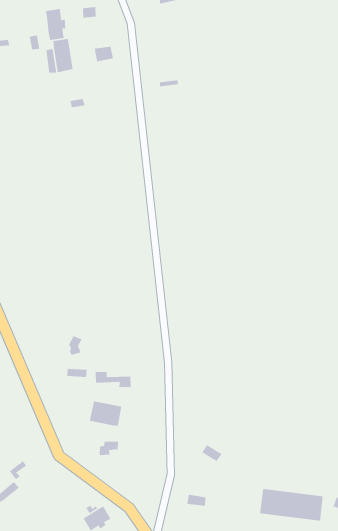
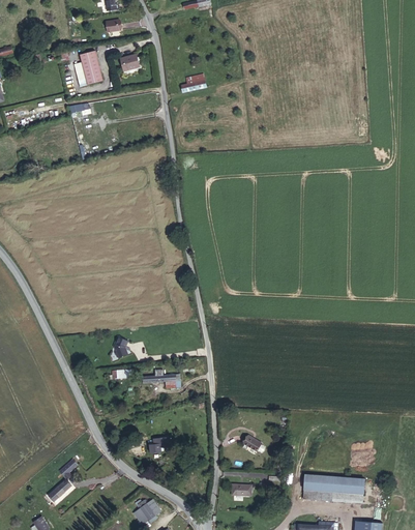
building: [45,8,66,41] -> none
building: [89,401,122,427] -> none

